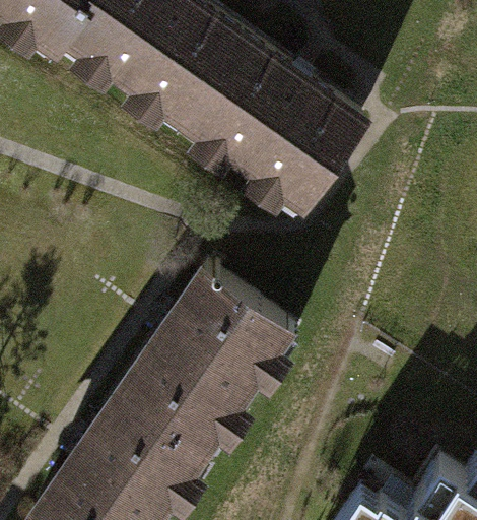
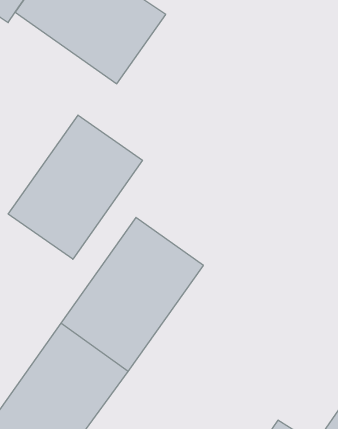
building: [181,35,357,199] -> none
building: none -> [8,115,142,259]

